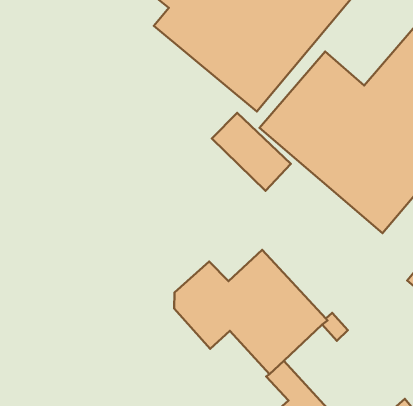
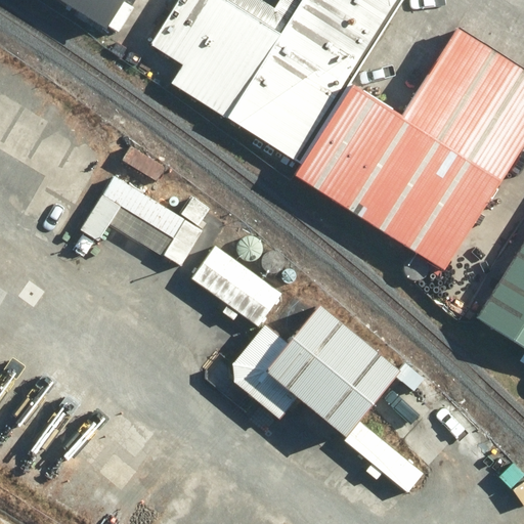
building: none -> [81,176,204,267]
building: [212,113,291,191] -> [192,246,281,325]

